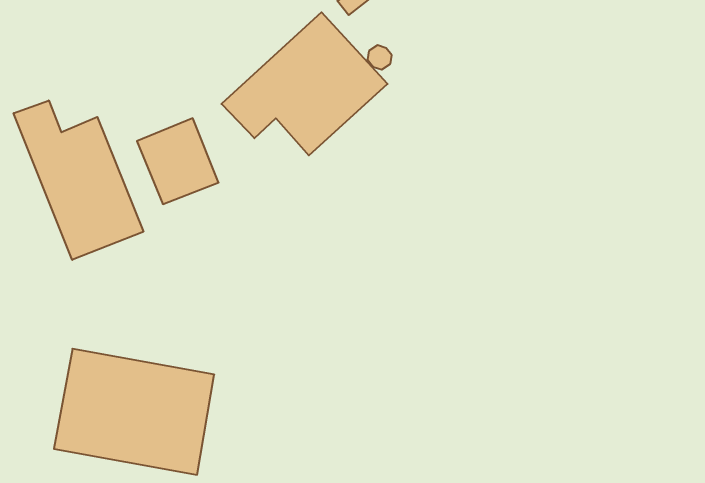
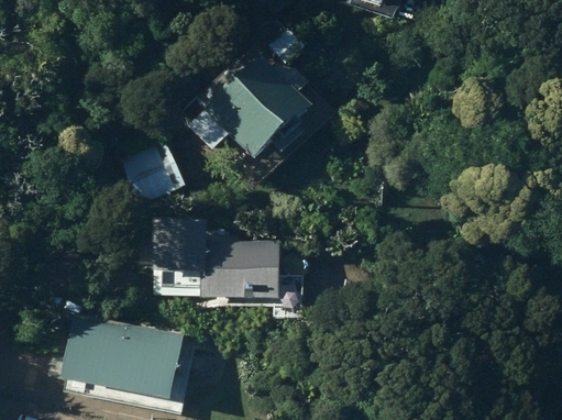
building: [14,100,143,260] -> none
building: none -> [152,225,280,302]

